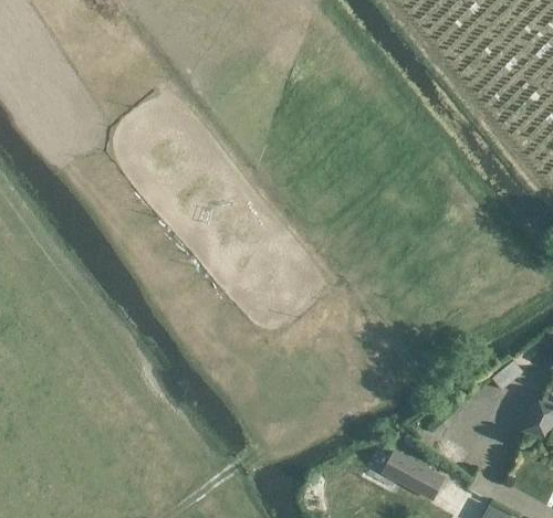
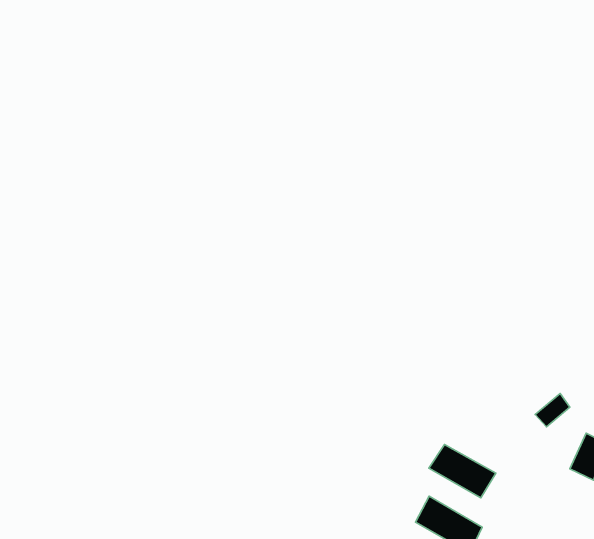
building: none -> [429,445,496,498]

